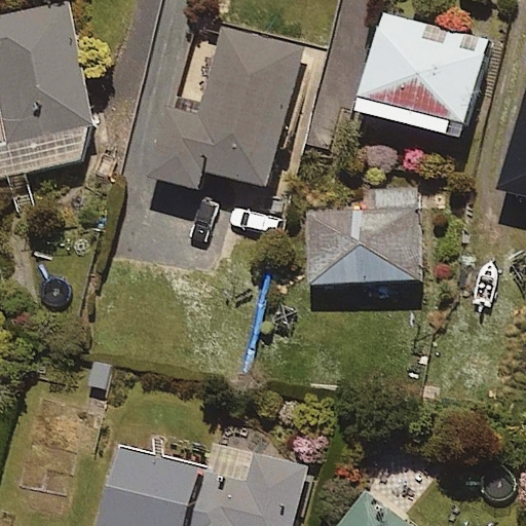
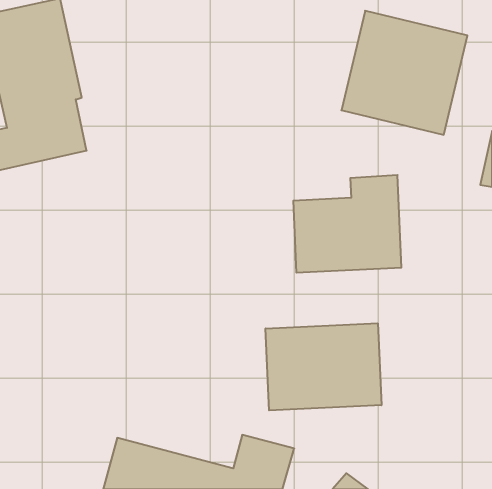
building: [152,16,302,191] -> none
building: none -> [266,323,381,410]

